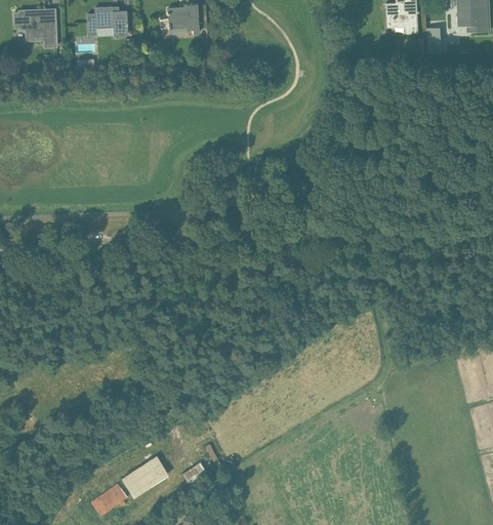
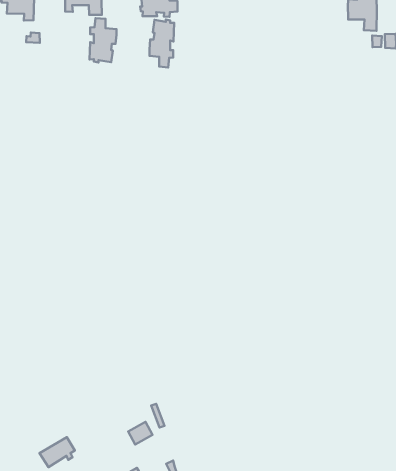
building: none -> [149,19,174,68]
building: none -> [89,18,116,63]
building: [122,455,168,493] -> none

